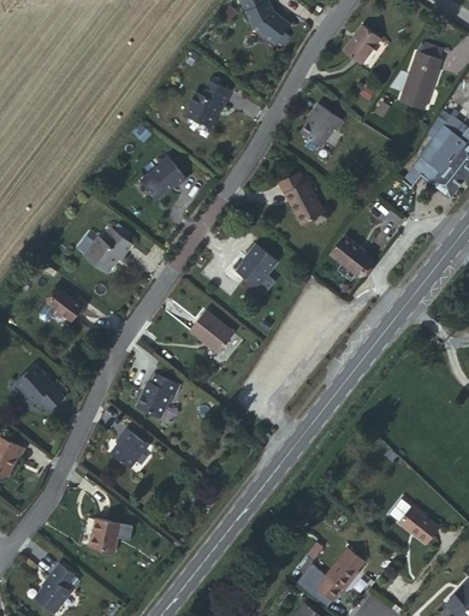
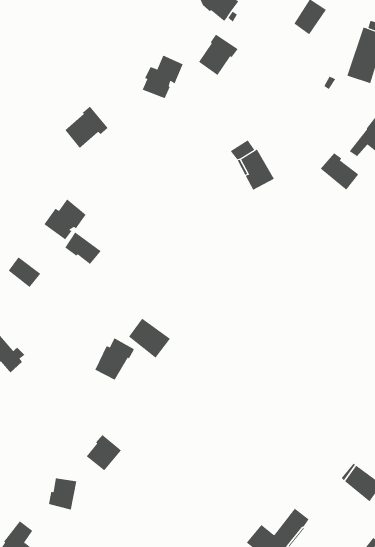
building: [299,105,342,148] -> [198,34,239,76]
building: [139,154,185,199] -> [65,106,109,149]
building: [331,236,372,276] -> [320,152,359,191]
building: [238,242,279,286] -> none
building: none -> [65,231,102,265]
building: [191,312,236,354] -> [128,318,171,358]
building: [111,428,148,467] -> [86,434,122,471]

